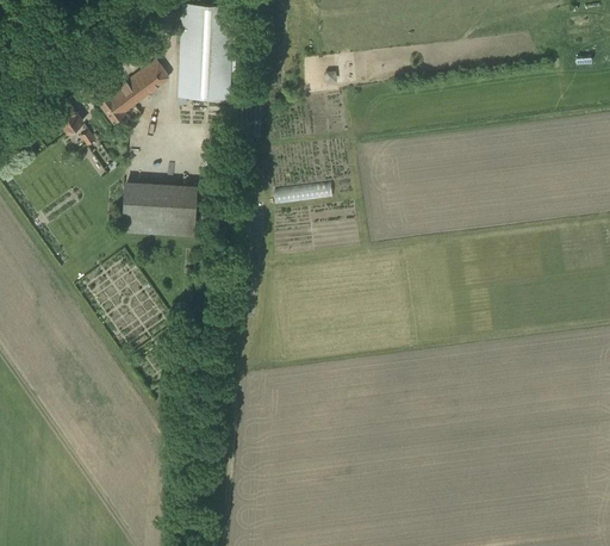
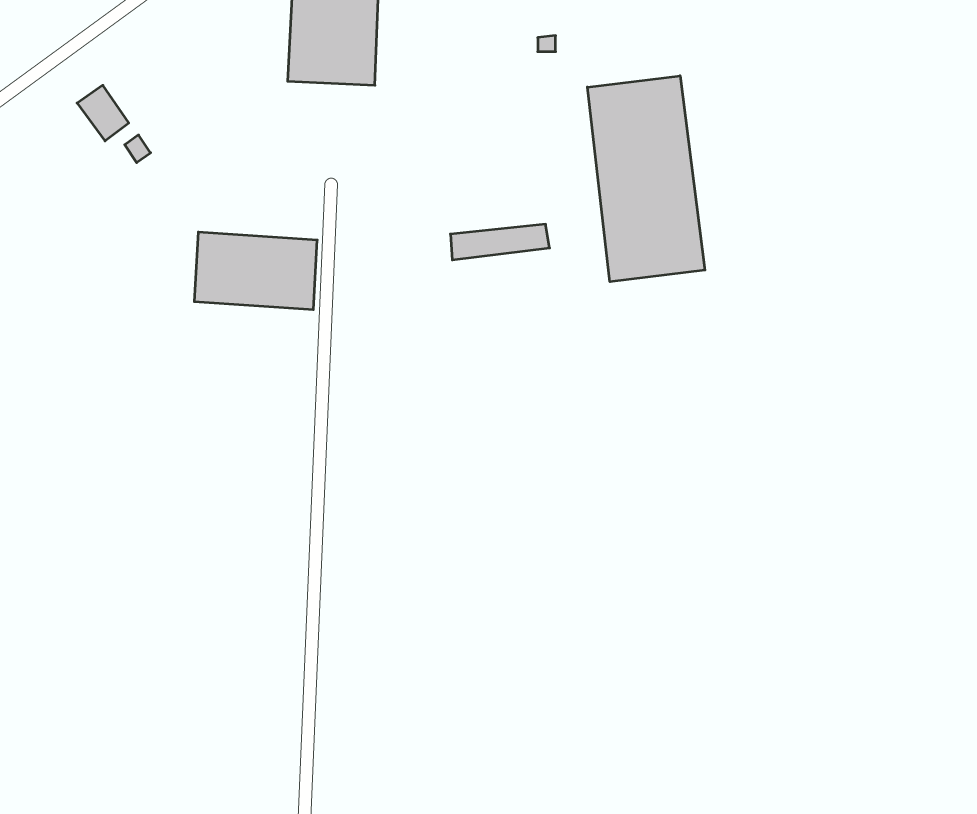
building: [100,58,169,120] -> none
building: none -> [587,76,705,282]

